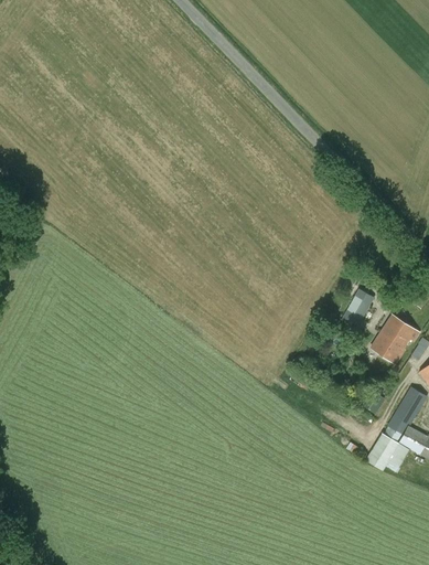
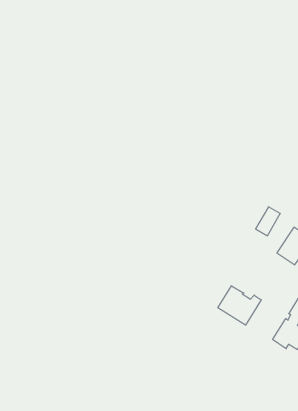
building: none -> [218,286,261,325]

